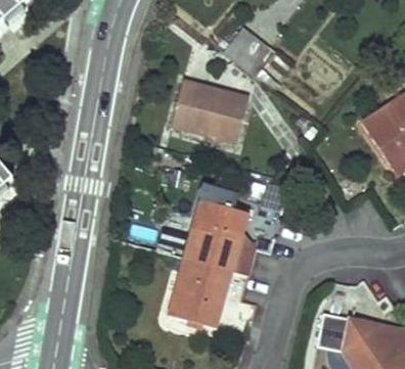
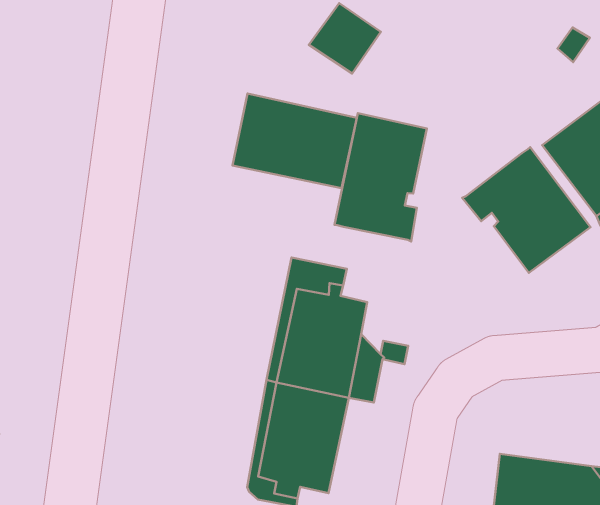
building: none -> [334,113,427,241]
building: none -> [462,147,591,273]

